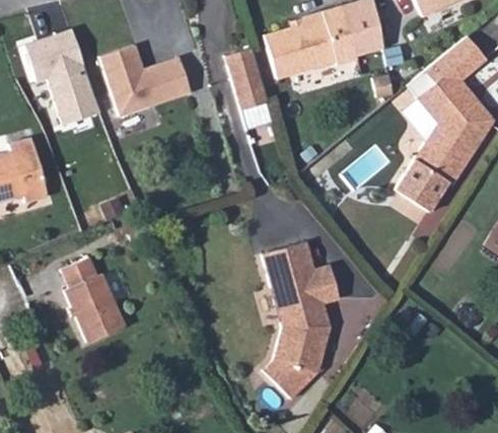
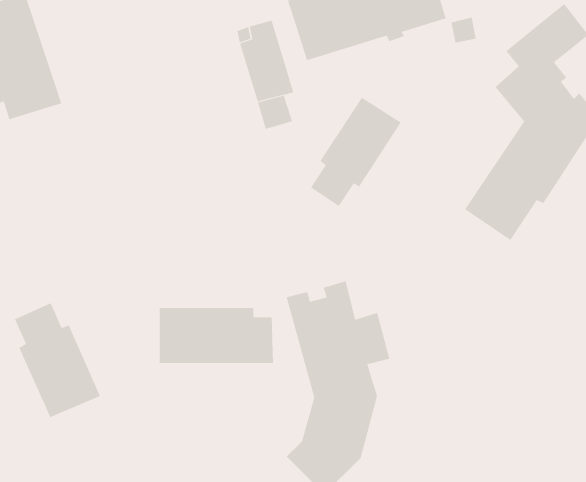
building: [100,45,191,117] -> none
building: none -> [310,97,402,207]
building: none -> [159,307,273,364]

